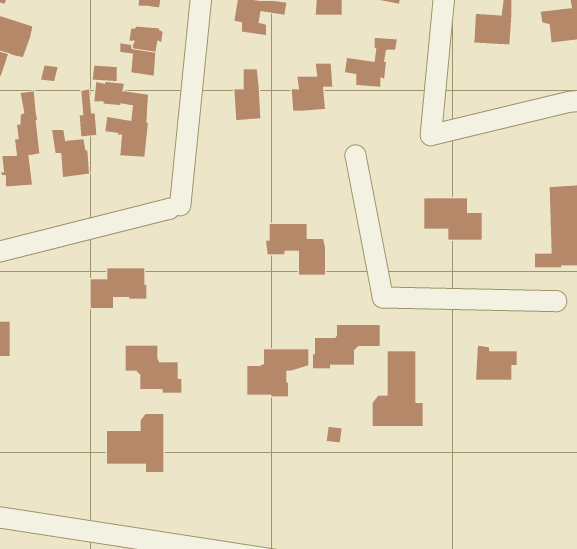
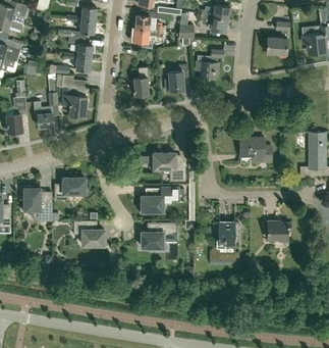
building: none -> [22,187,52,221]
building: [312,324,380,369] -> [140,189,177,213]
building: [107,413,164,473] -> none

